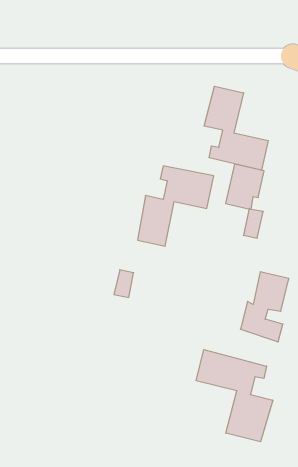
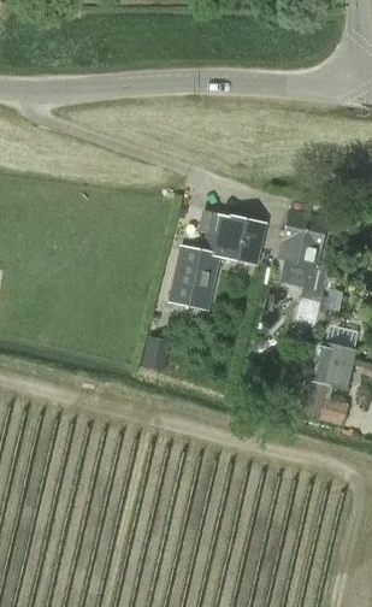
building: [204,86,268,170] -> none
building: [196,350,273,442] -> none

